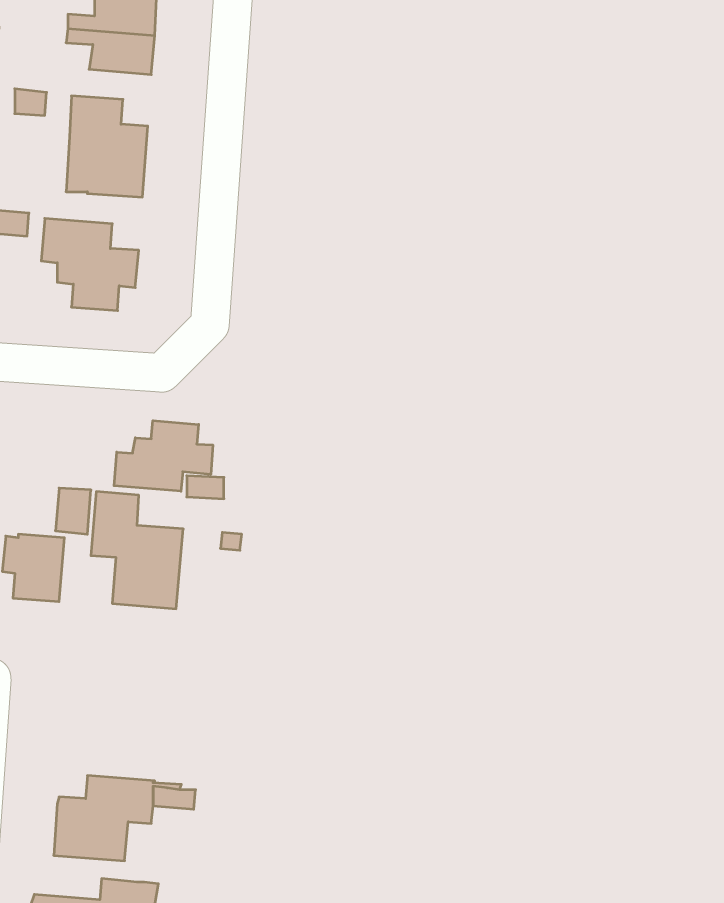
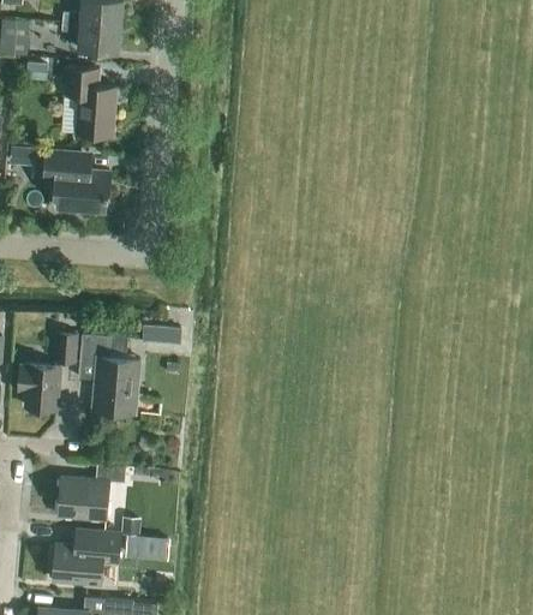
building: [114,421,213,491] -> none
building: none -> [59,465,126,520]

